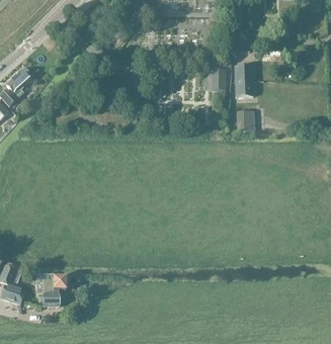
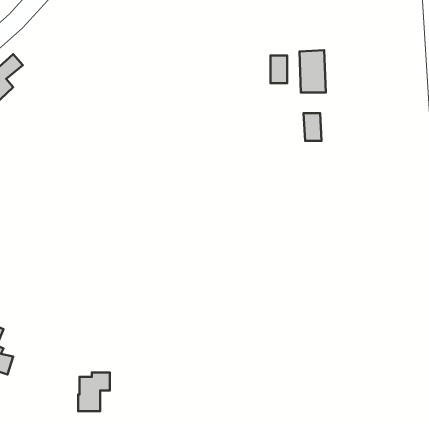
building: [43,276,66,305] -> [78,373,110,411]

